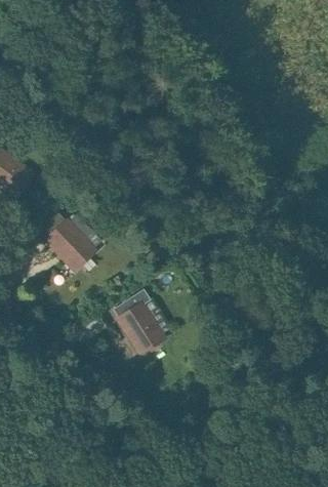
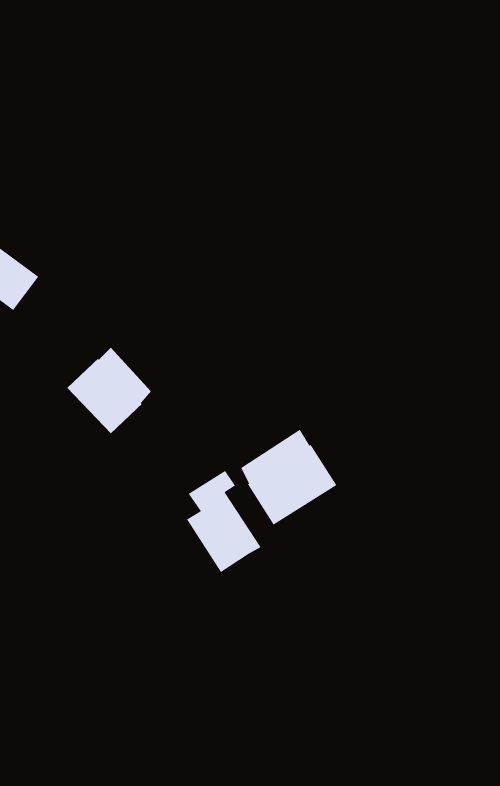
building: none -> [241,429,337,525]

